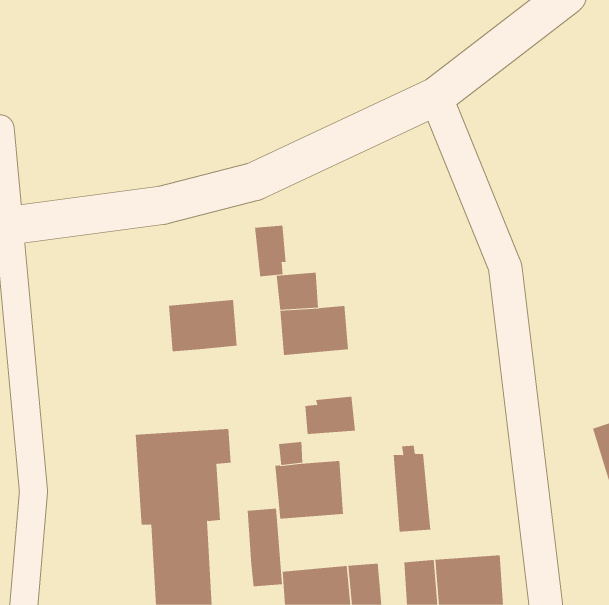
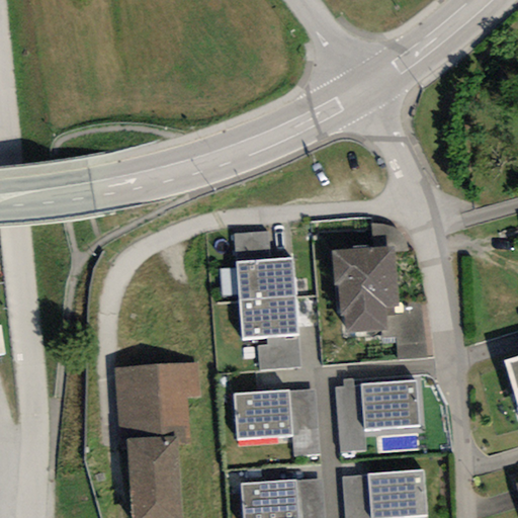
building: [255,225,286,277] -> none
building: none -> [332,247,398,333]
building: [168,299,237,352] -> [241,296,299,341]
building: none -> [360,379,420,429]
building: [247,508,283,587] -> [289,388,320,455]

